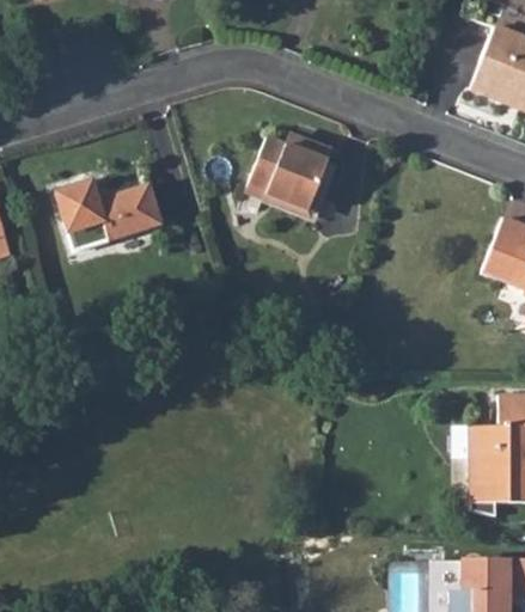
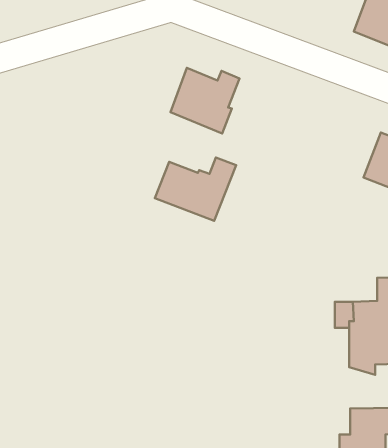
building: [56,180,161,251] -> none
building: none -> [155,157,236,221]

